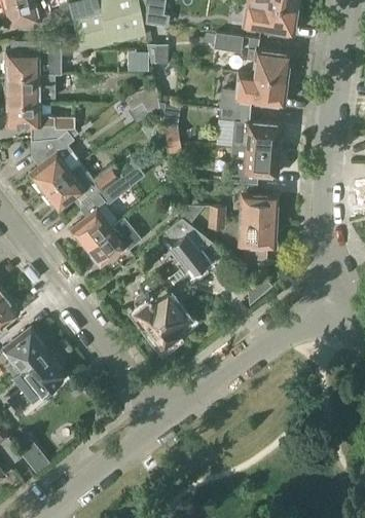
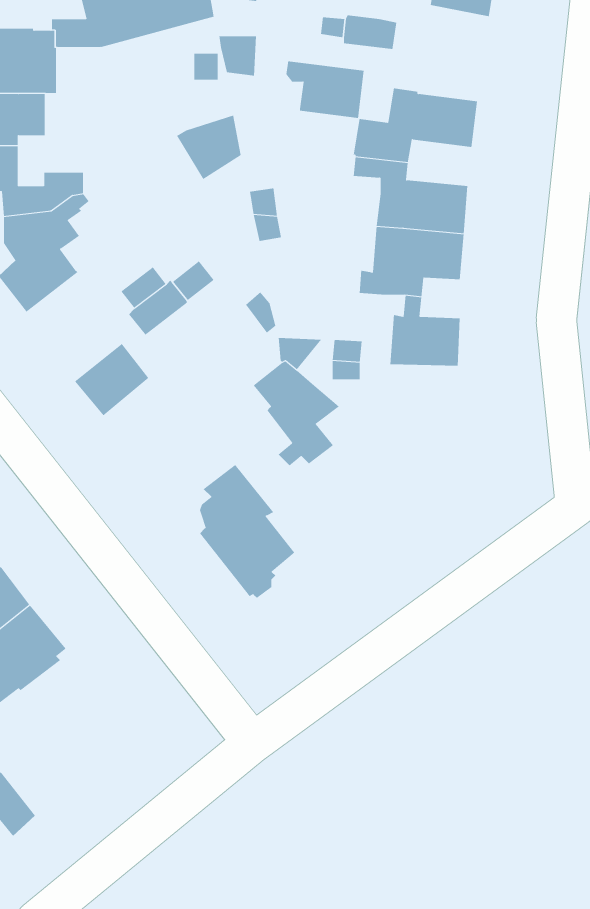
building: [247,48,289,79] -> [286,61,364,119]
building: [44,164,94,211] -> none
building: [85,217,142,267] -> none
building: [238,220,276,247] -> none

